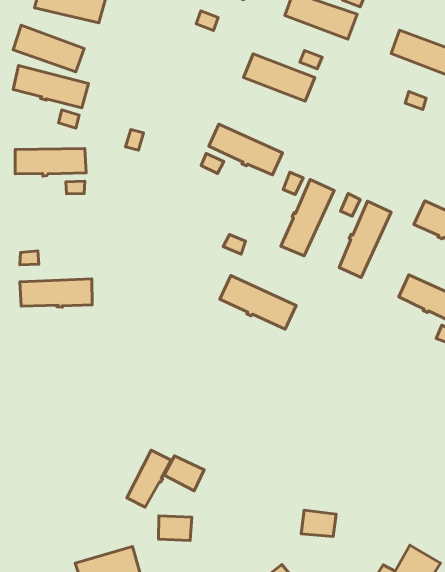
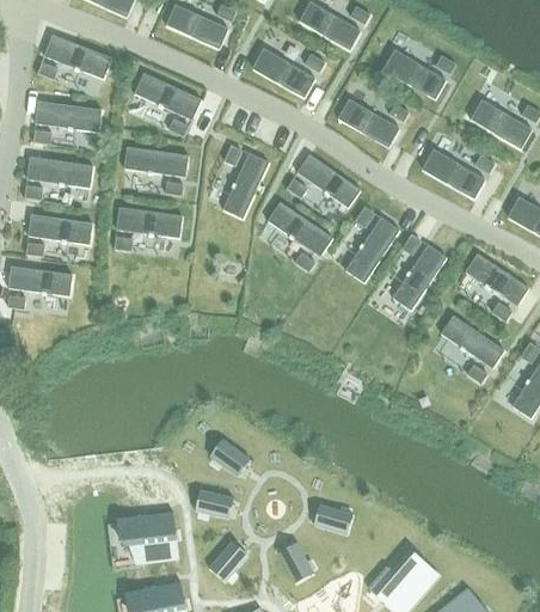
building: [13,25,84,72] -> [252,48,314,97]
building: none -> [422,149,484,198]
building: none -> [222,152,268,218]
building: [220,276,296,329] -> [266,201,332,256]
building: [20,279,92,307] -> [116,207,182,238]
building: [127,450,171,507] -> none

